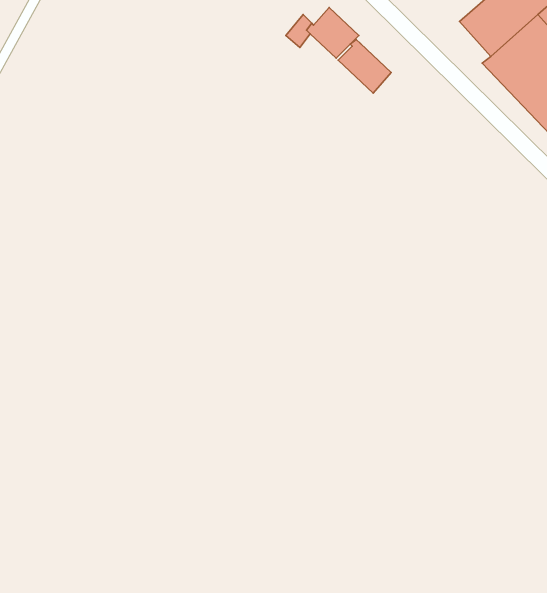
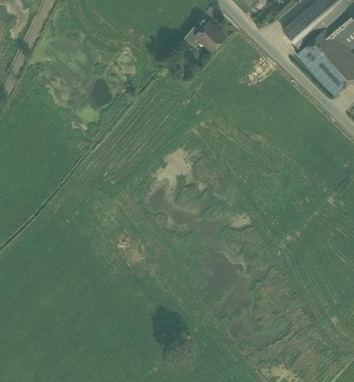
building: [338,40,391,93] -> none

